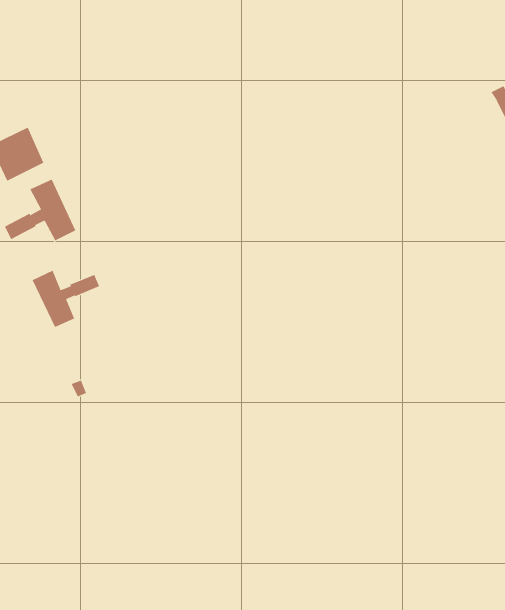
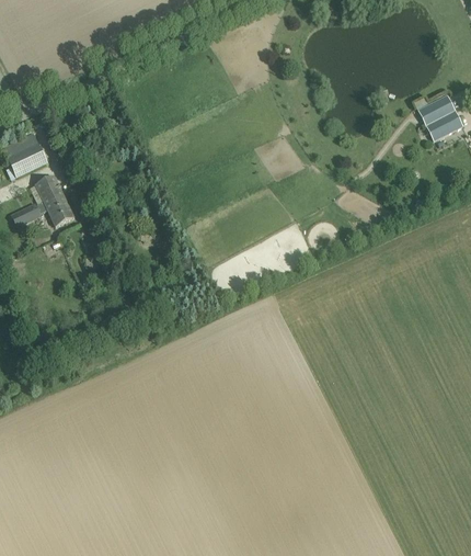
building: [32,270,100,328] -> none

